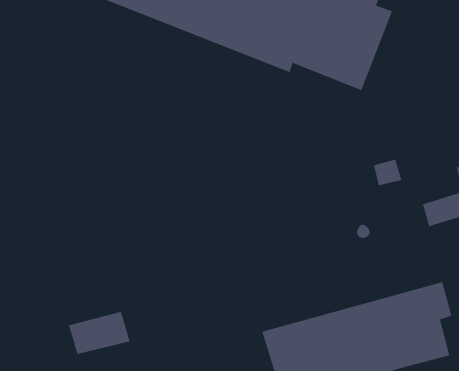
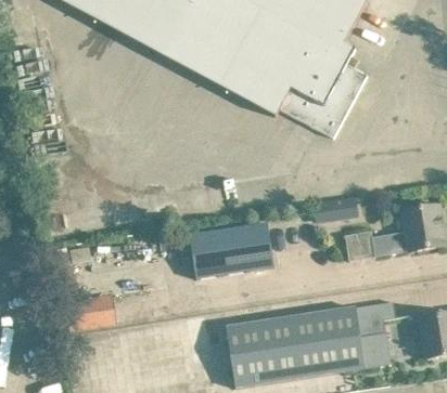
building: none -> [345,230,375,260]
building: none -> [189,222,273,276]

